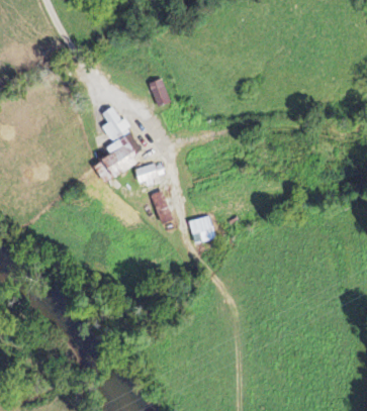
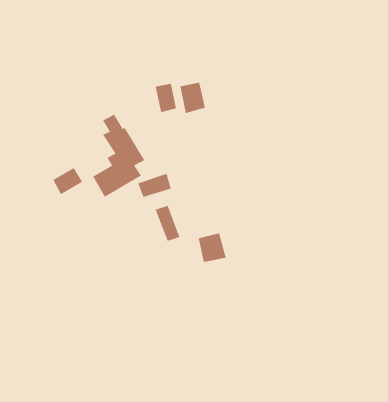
building: none -> [180,82,205,114]
building: none -> [53,167,83,195]

